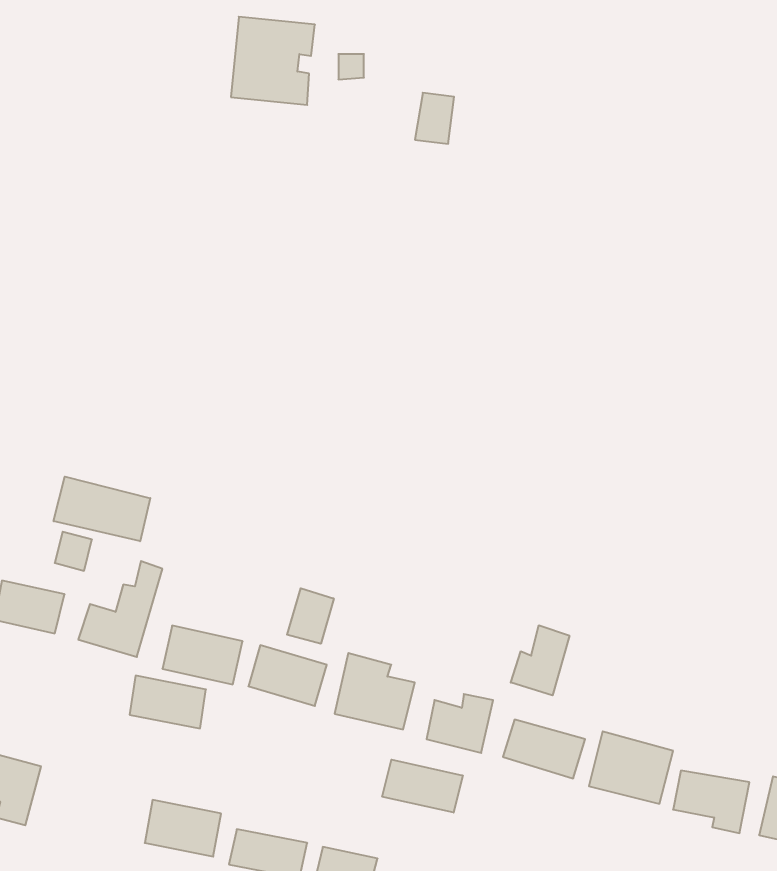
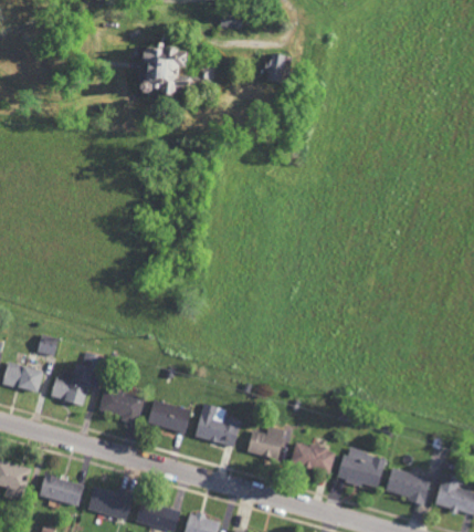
building: [415,93,454,144] -> [265,53,287,82]
building: [54,477,150,541] -> none
building: [287,588,334,644] -> none
building: [511,625,569,695] -> none
building: [130,676,206,728] -> [40,476,83,505]
building: [382,760,463,813] -> none

